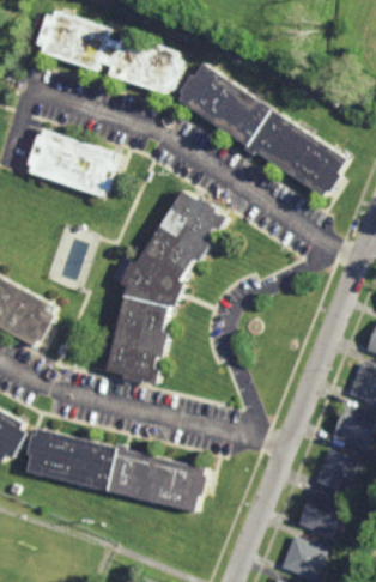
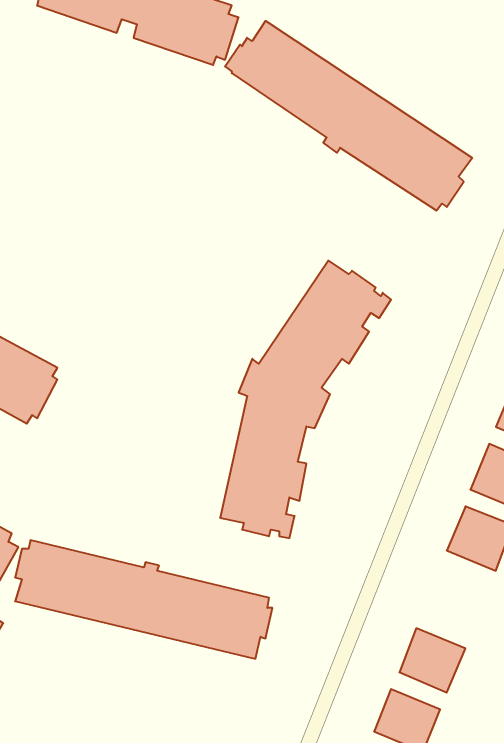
building: [28,128,119,195] -> none
building: [107,189,228,386] -> [220,261,391,538]
building: [314,448,357,492] -> none

